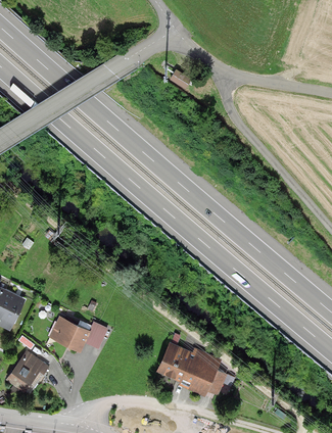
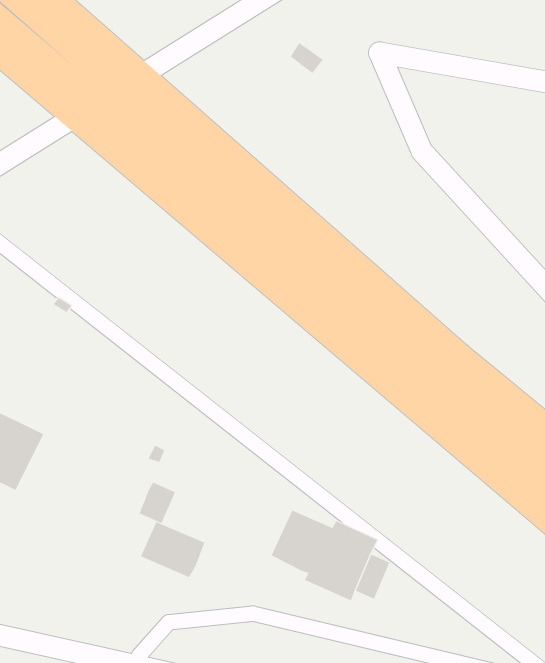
building: [49,317,87,349] -> [140,521,205,578]
building: [5,351,44,389] -> none

